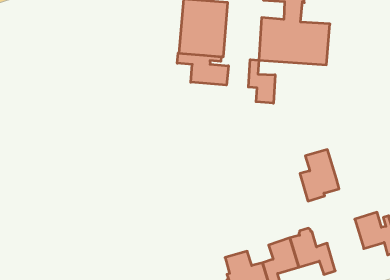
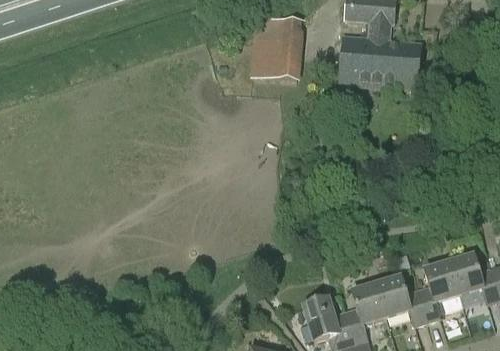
building: [177,53,228,85] -> none
building: [248,60,275,103] -> none
building: [300,150,339,201] -> [417,263,461,321]

